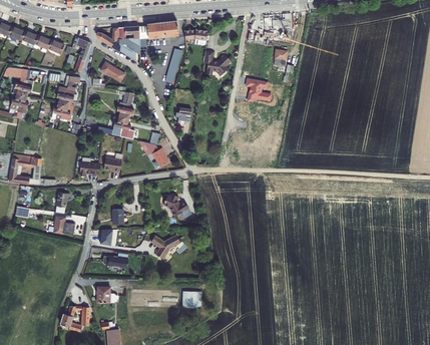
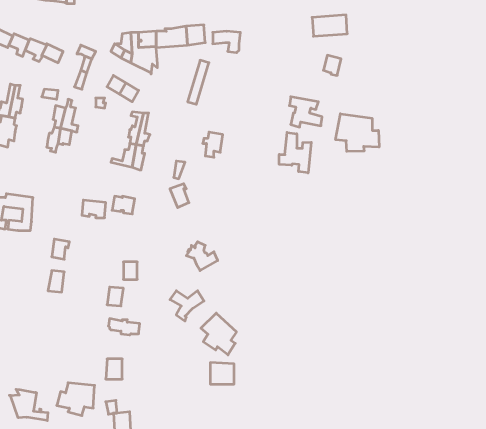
building: [204,47,232,72] -> none
building: none -> [336,114,379,151]
building: none -> [279,132,311,173]
building: none -> [201,313,236,355]
building: none -> [9,389,48,421]

